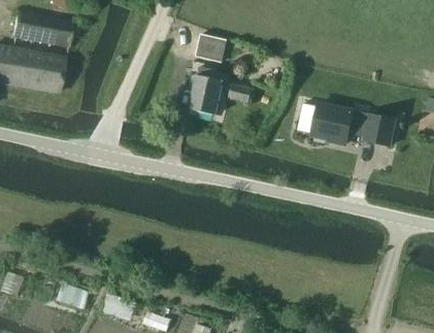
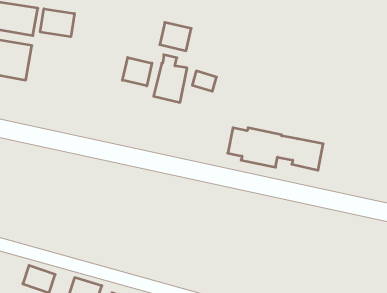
building: none -> [40,9,74,37]
building: none -> [122,57,152,86]
building: [298,103,395,146] -> [228,128,323,170]

